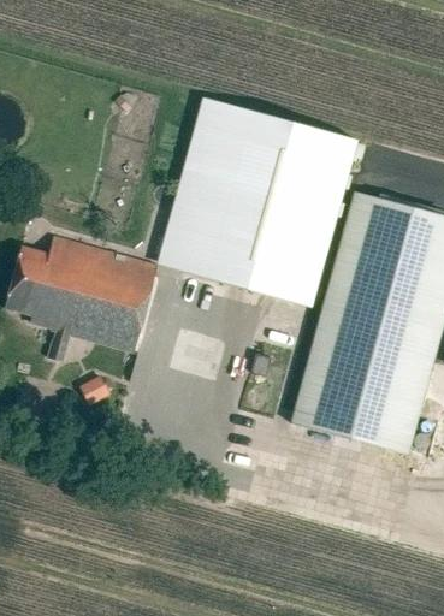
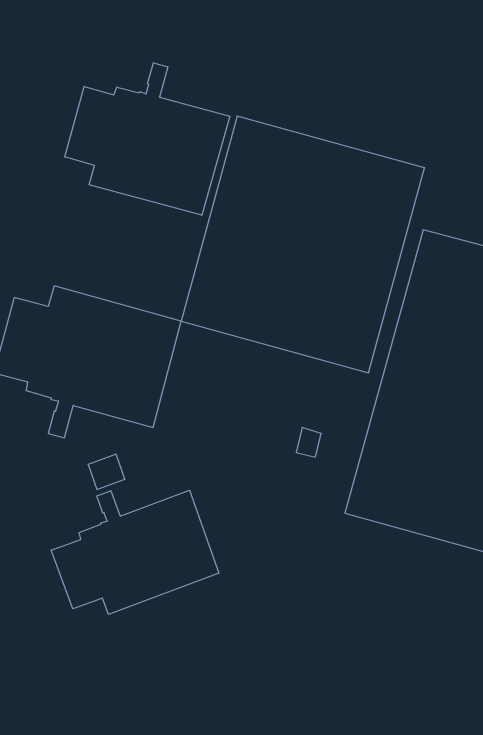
building: none -> [65,63,230,215]
building: none -> [51,490,219,614]

